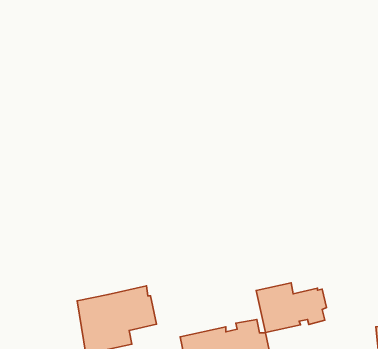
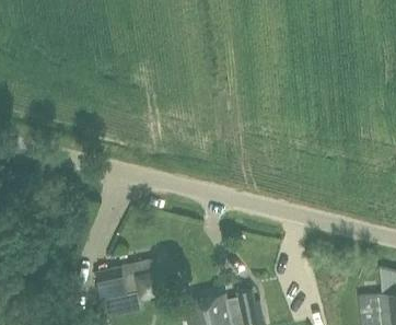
building: [256,283,326,332] -> none

